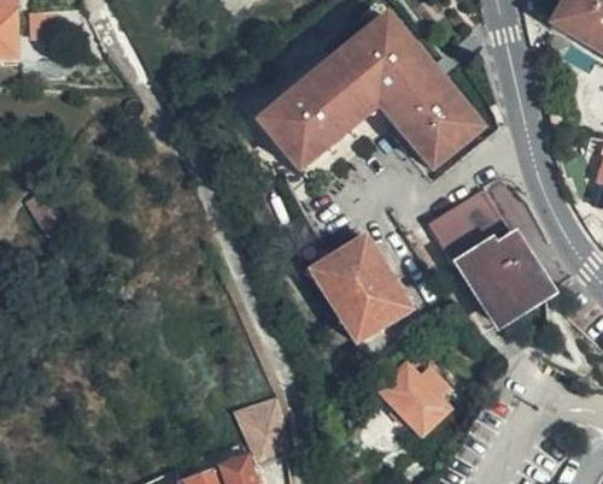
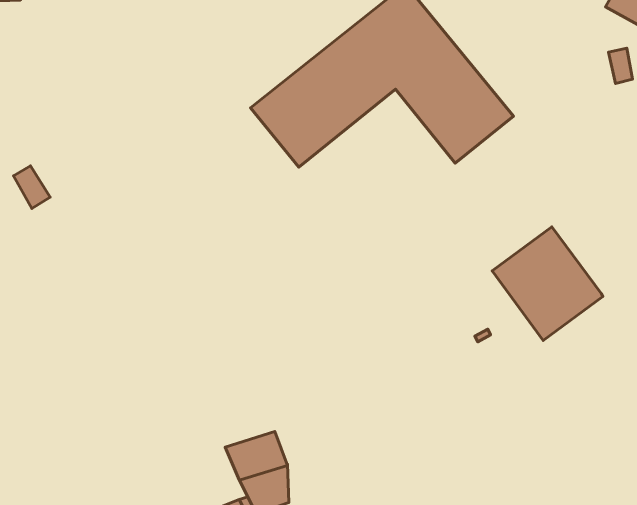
building: [429,185,502,254] -> none
building: [316,231,410,341] -> none
building: [377,356,450,427] -> none

